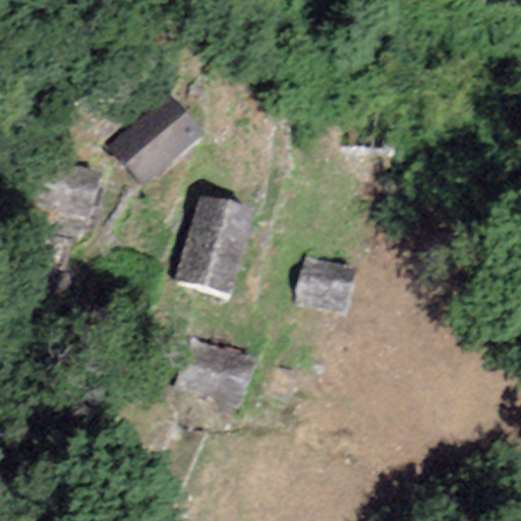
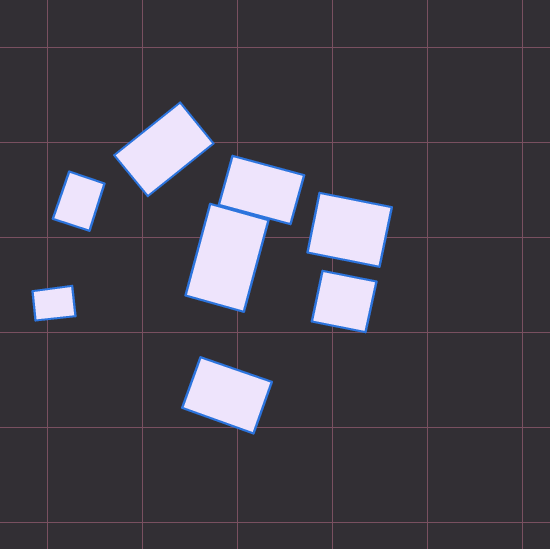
building: none -> [219,156,304,224]
building: none -> [307,193,392,267]

